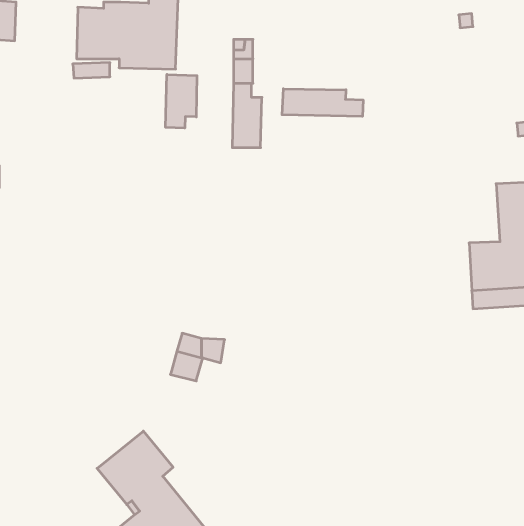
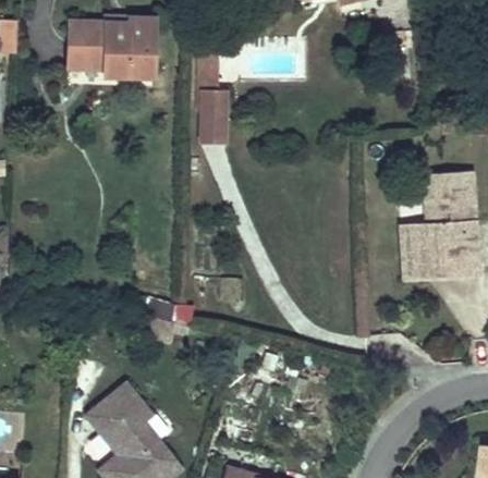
building: [166,74,197,128] -> none
building: [282,89,363,116] -> none

